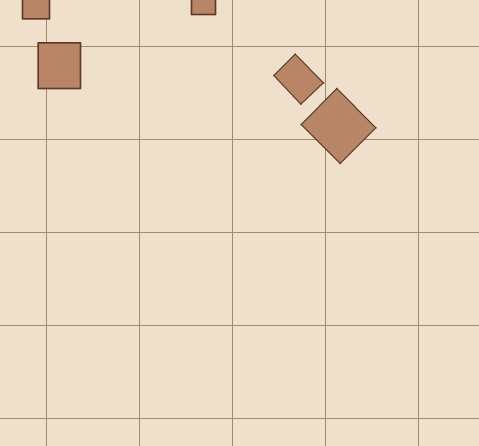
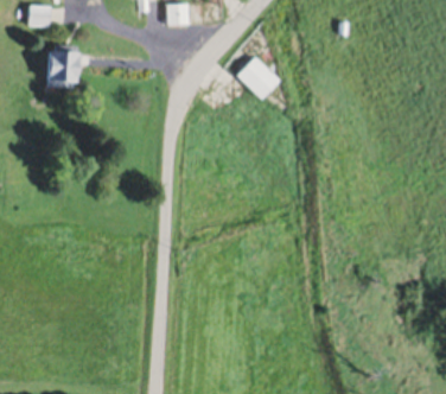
building: [301,89,376,164] -> none

